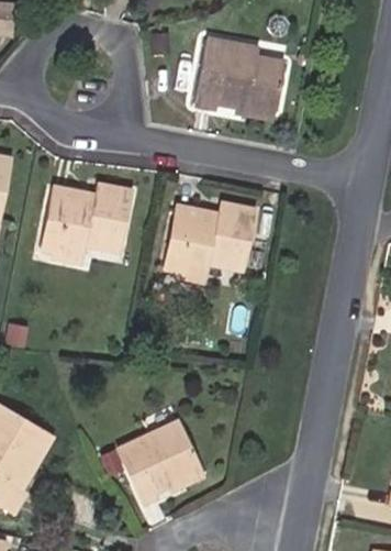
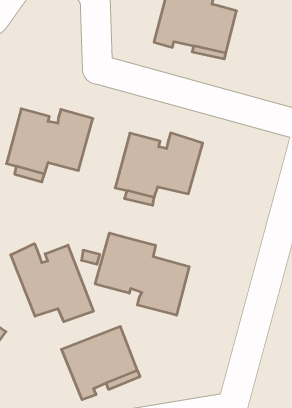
building: none -> [95,233,189,315]
building: none -> [11,244,93,322]

